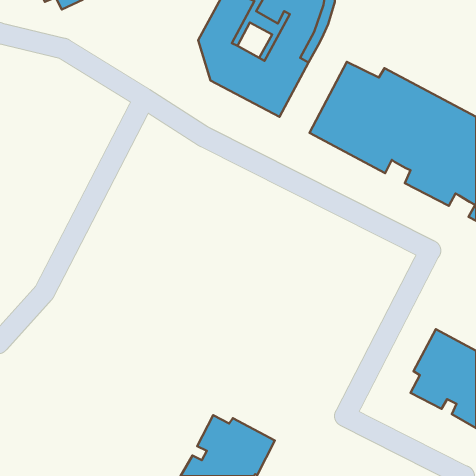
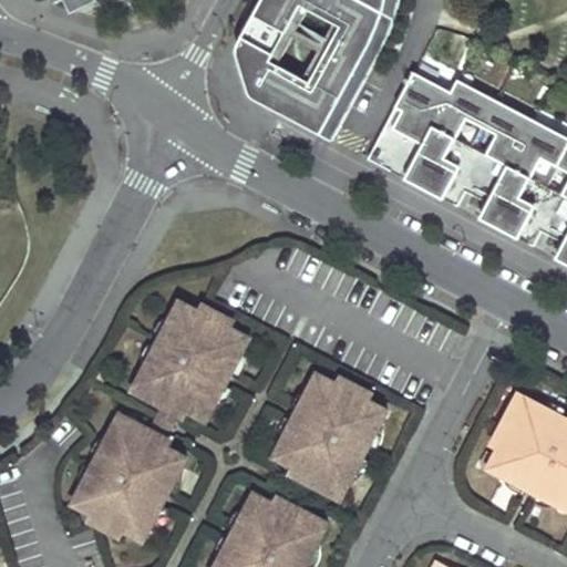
building: none -> [72,299,248,540]
building: none -> [272,373,385,498]

